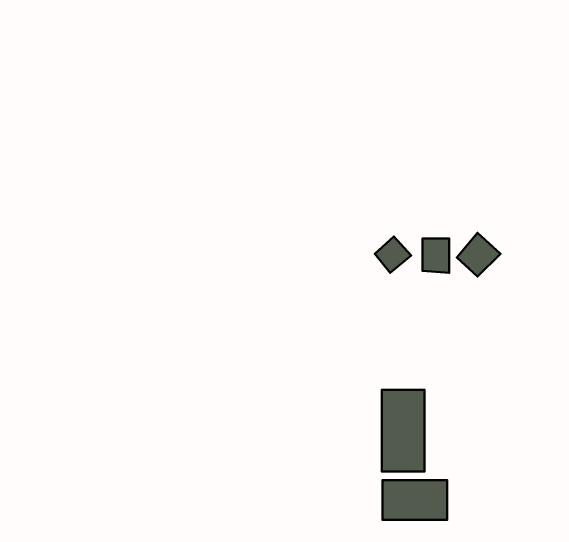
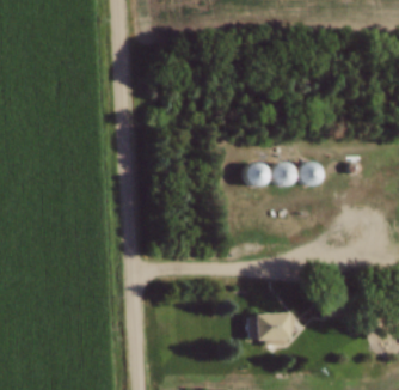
building: [382,390,425,472] -> none

